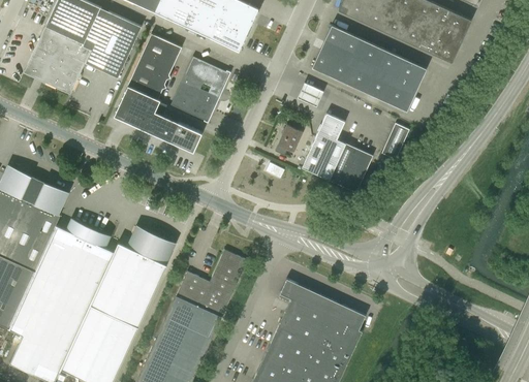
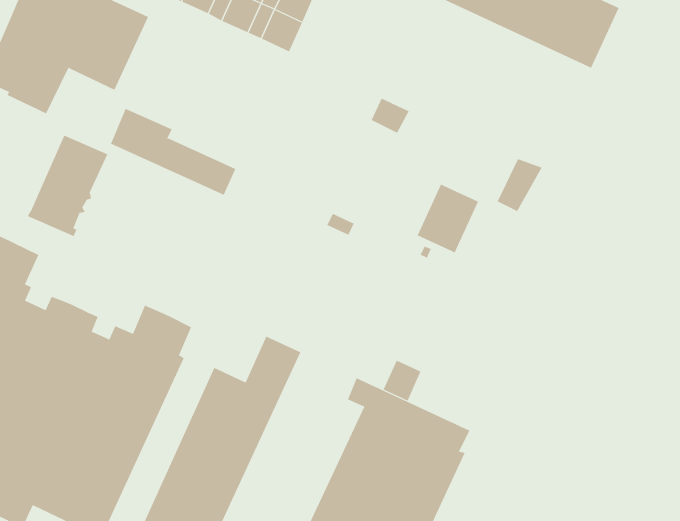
building: [312,26,426,112] -> none
building: [125,34,182,105] -> [27,135,108,237]
building: [169,56,229,123] -> none
building: [302,114,345,180] -> none
building: [275,125,303,156] -> none
building: none -> [383,360,421,401]

